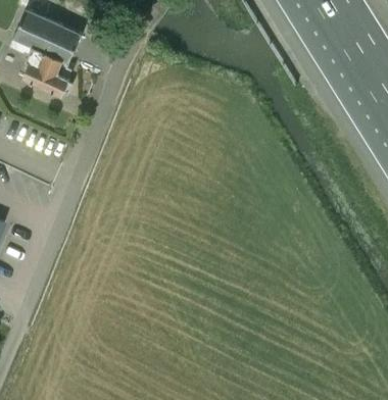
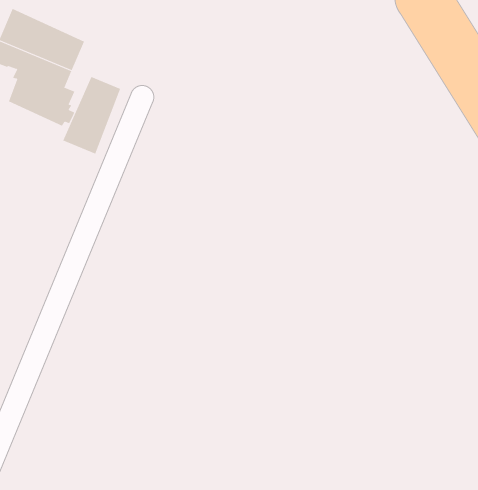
building: none -> [63,76,121,155]

